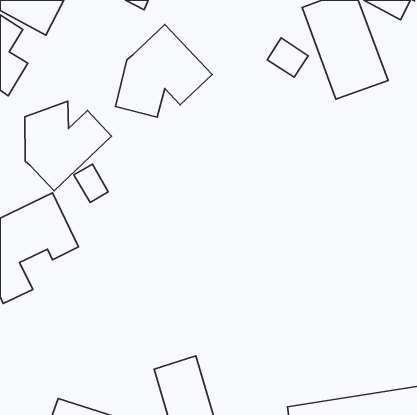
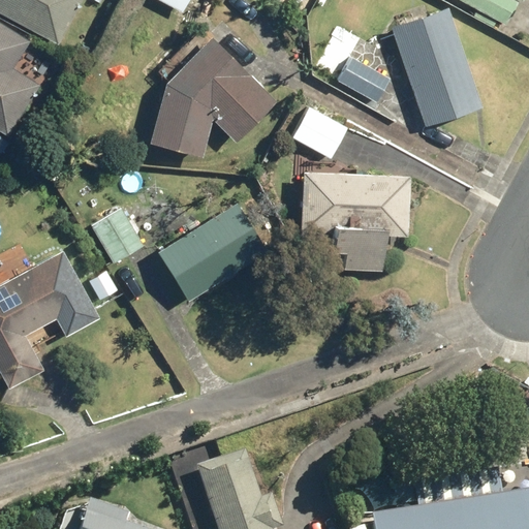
building: none -> [290,106,348,158]
building: [25,101,112,191] -> none
building: none -> [283,167,417,268]
building: none -> [154,207,257,299]

